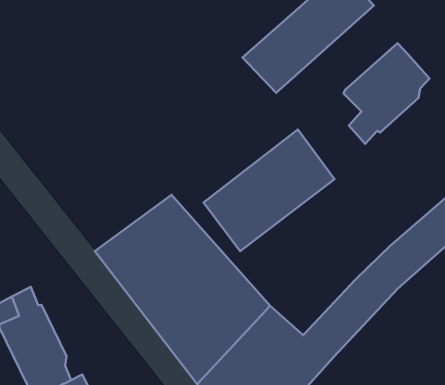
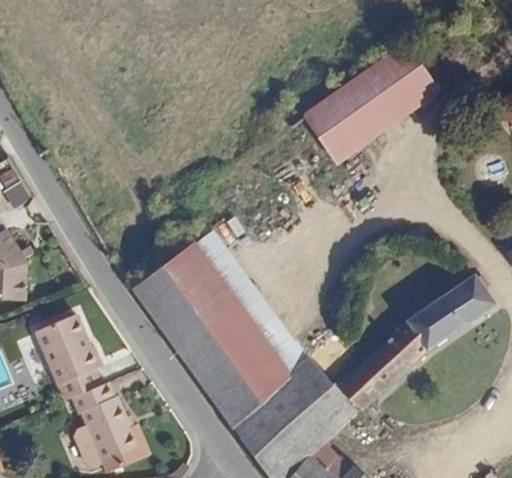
building: [344,43,430,144] -> none
building: [203,129,334,251] -> none

